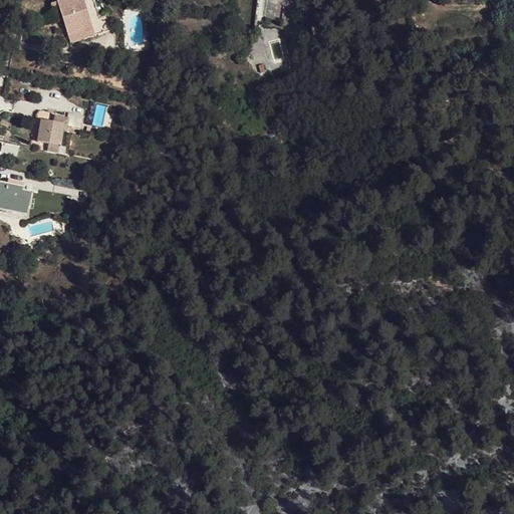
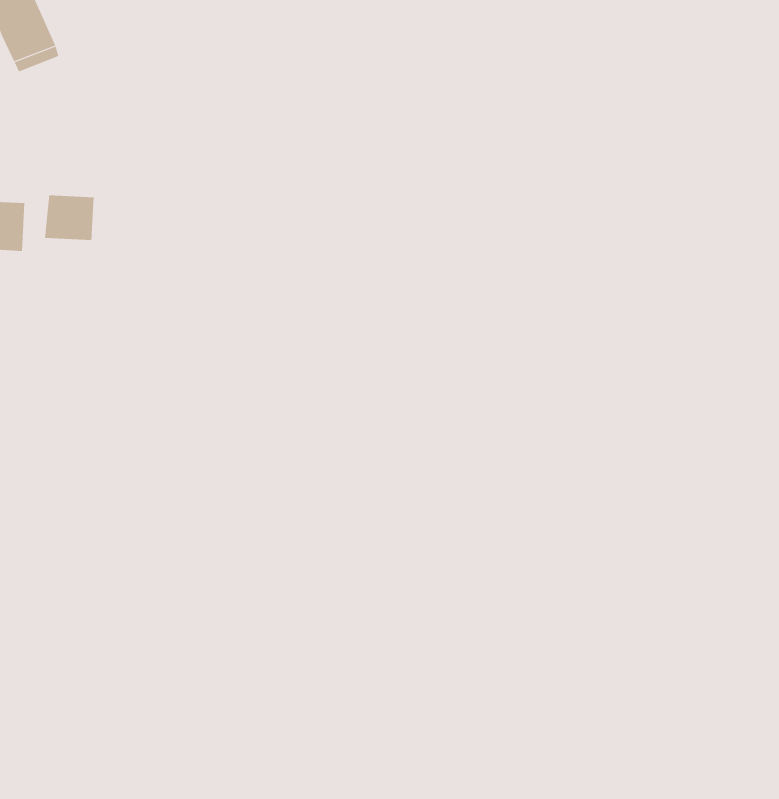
building: none -> [45,195,94,241]

